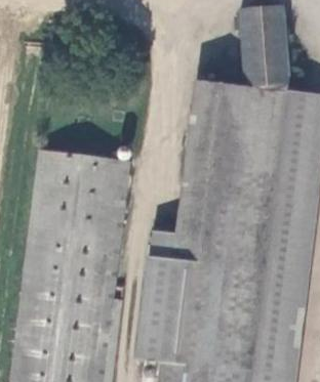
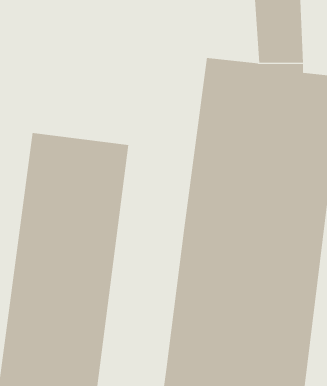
building: [137,230,177,362] -> none

